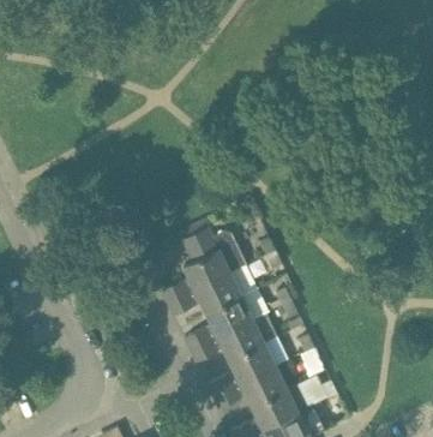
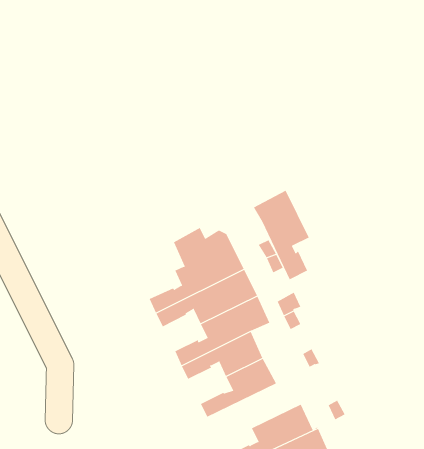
building: none -> [253,190,310,280]
building: [212,366,296,409] -> none

